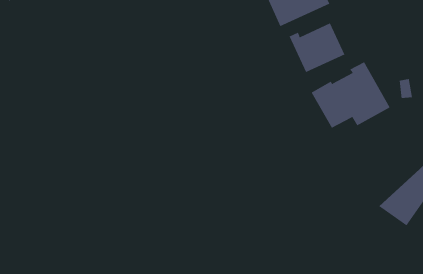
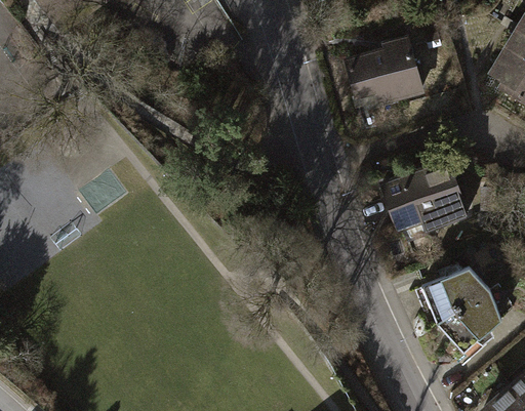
building: [289,23,345,73] -> none
building: none -> [421,265,488,323]

